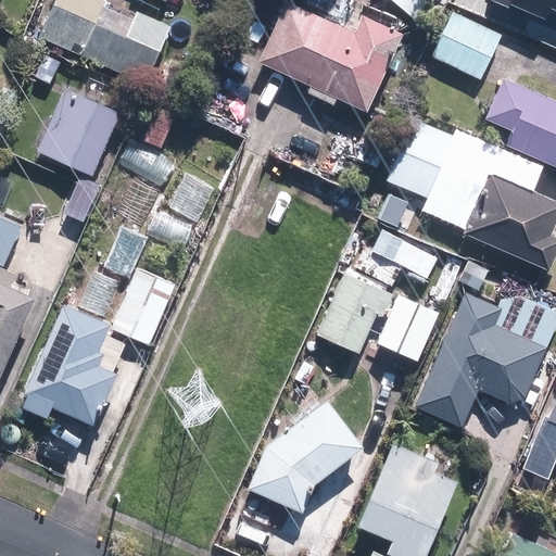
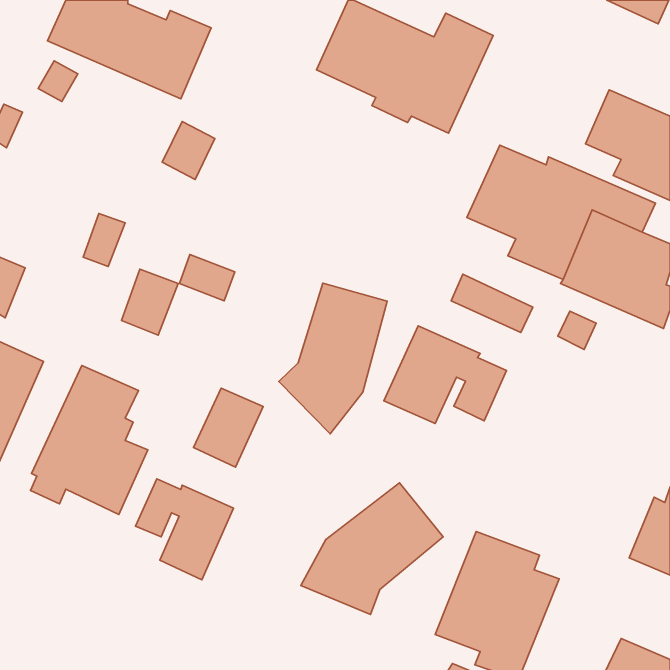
building: [431,11,502,79] -> none
building: [37,84,124,177] -> none
building: none -> [279,283,387,434]
building: [117,269,175,334] -> [193,388,263,467]
building: [417,292,545,429] -> none
building: none -> [136,479,233,580]

